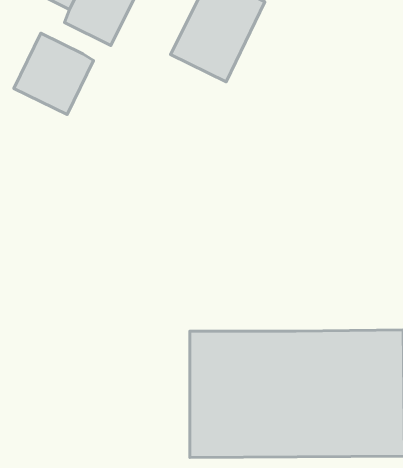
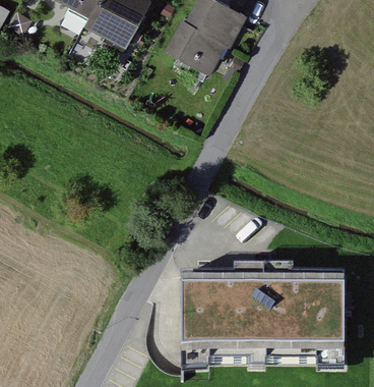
building: [14,33,93,115] -> none

